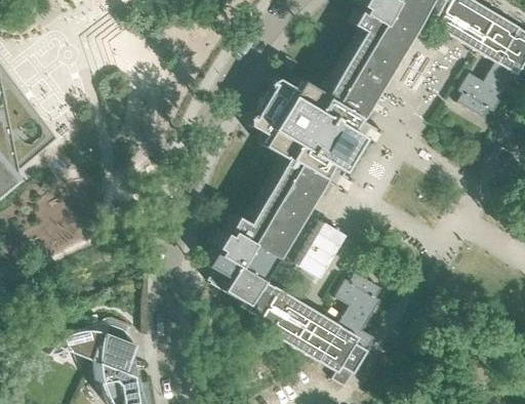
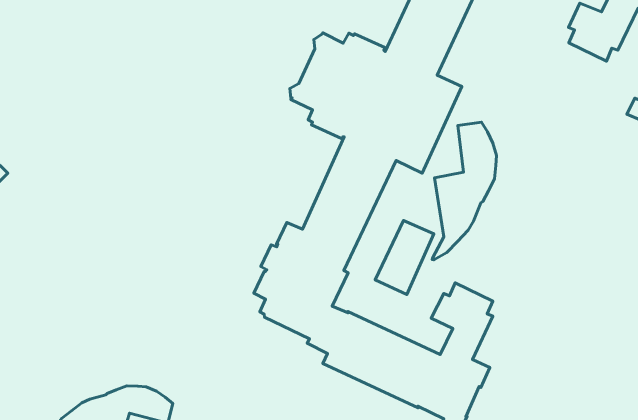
building: none -> [432,122,497,260]

